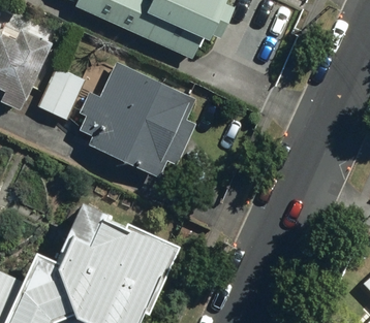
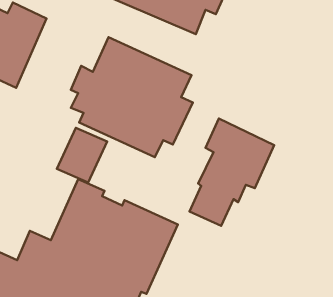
building: [33,67,83,121] -> [57,128,107,182]
building: none -> [190,118,274,226]

